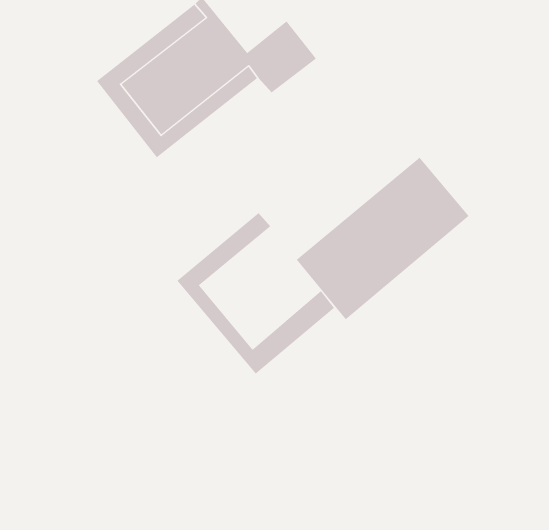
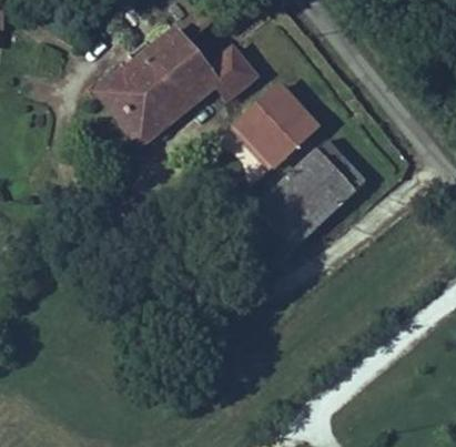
building: none -> [239,92,308,162]
building: [177,212,335,375] -> none

